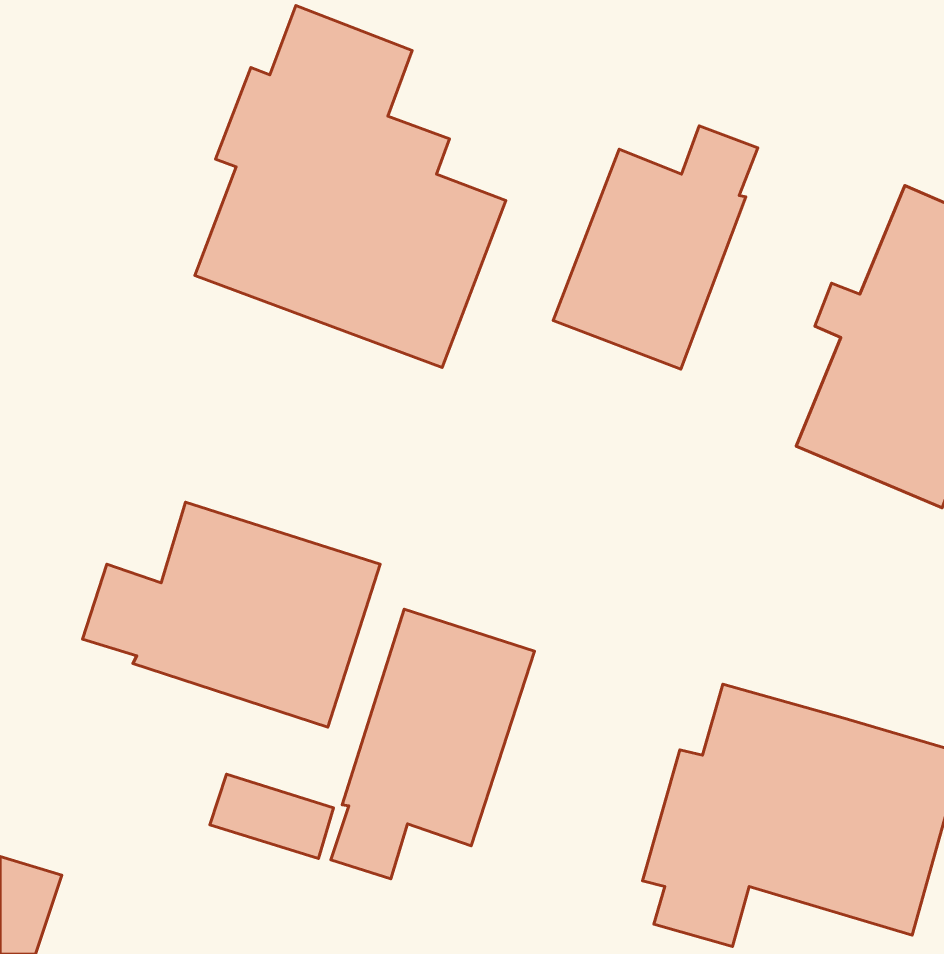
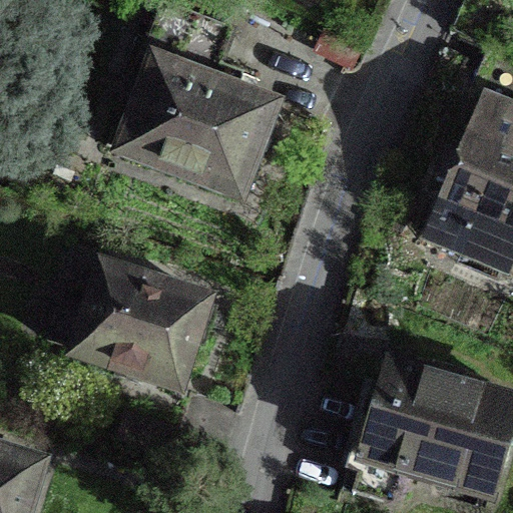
building: [553,126,758,369] -> none
building: [331,609,534,879] -> none

